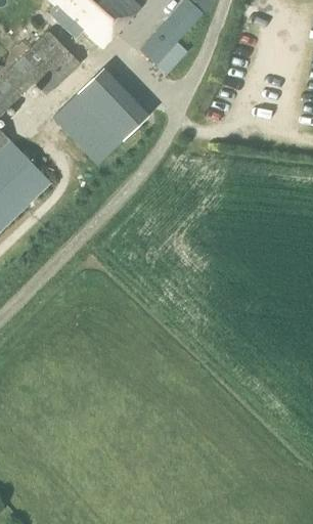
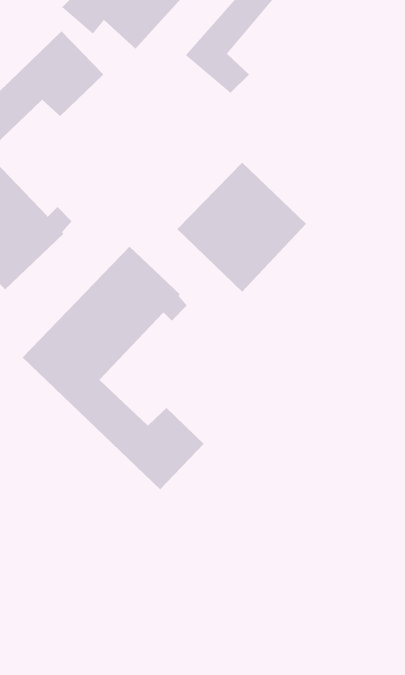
building: [41,74,138,171] -> [176,162,307,292]
building: none -> [22,246,205,490]

